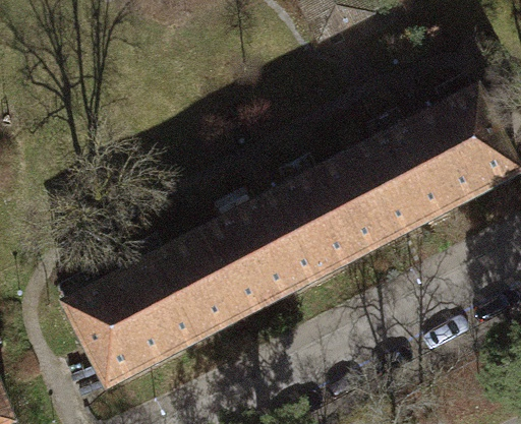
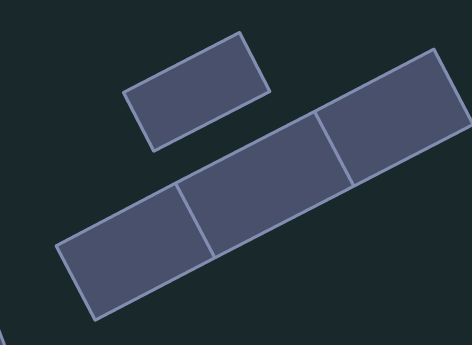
building: none -> [124,32,270,151]

